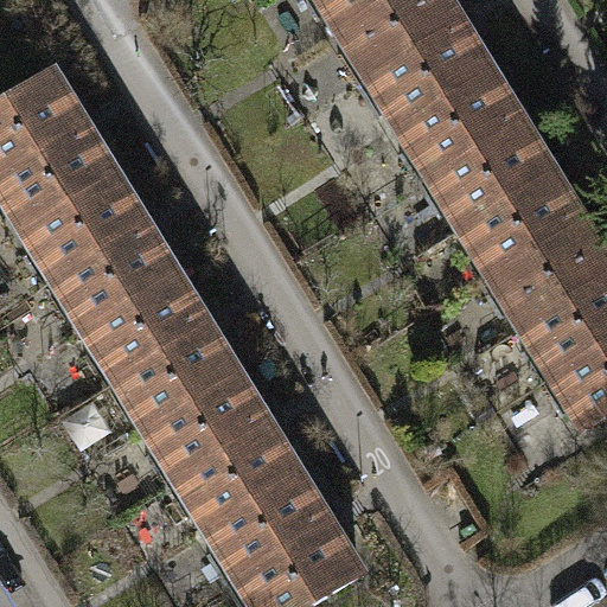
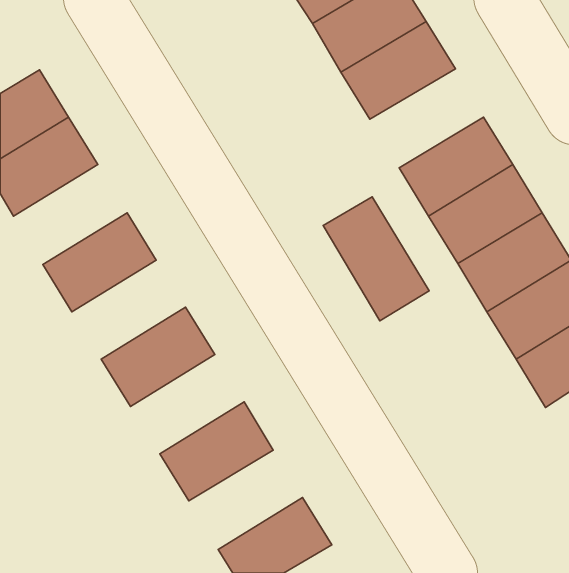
building: [396,72,516,177] -> none
building: [20,173,140,279] -> none
building: none -> [323,197,429,321]
building: [82,274,202,378] -> none
building: [143,373,263,478] -> none
building: [205,474,325,579] -> none

